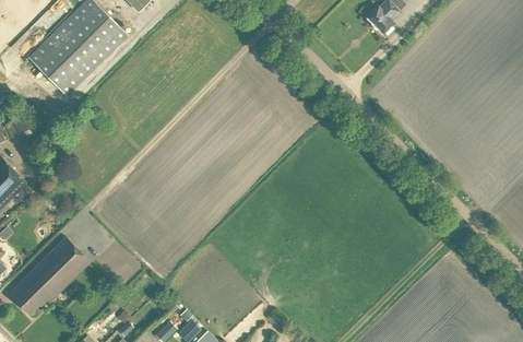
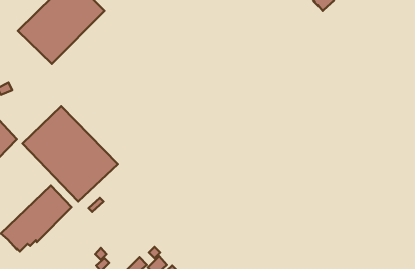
building: none -> [22,106,118,201]

